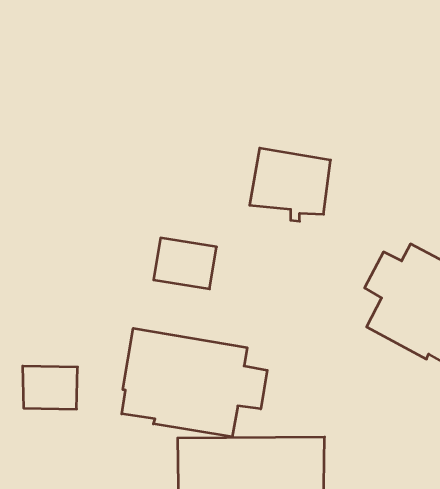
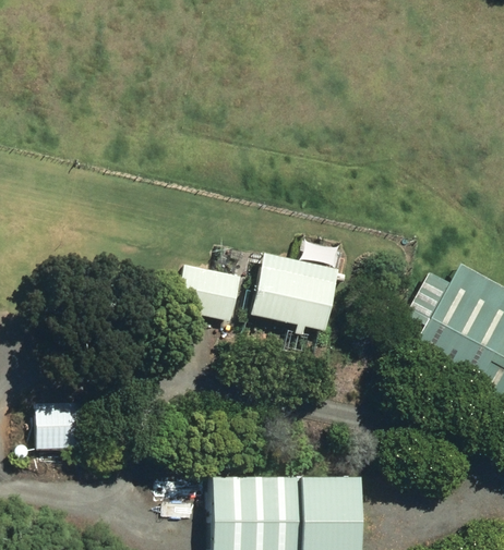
building: [250,148,331,221] -> [251,253,339,332]
building: [122,328,267,437] -> none

